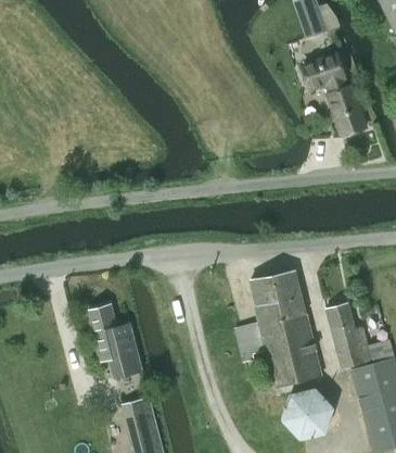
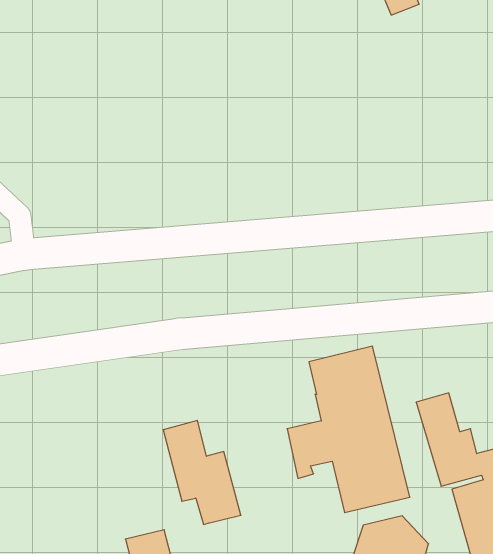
building: [303,54,366,136] -> none
building: [88,304,142,377] -> [163,420,241,525]

